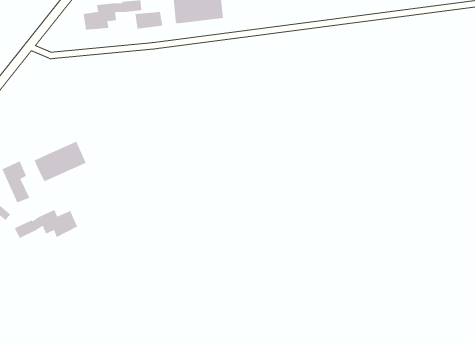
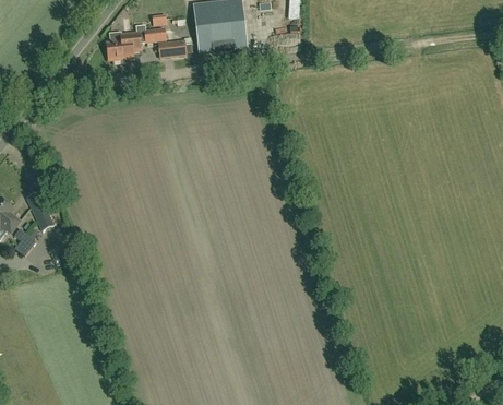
building: [34,141,87,182] -> none
building: [14,209,78,239] -> none

